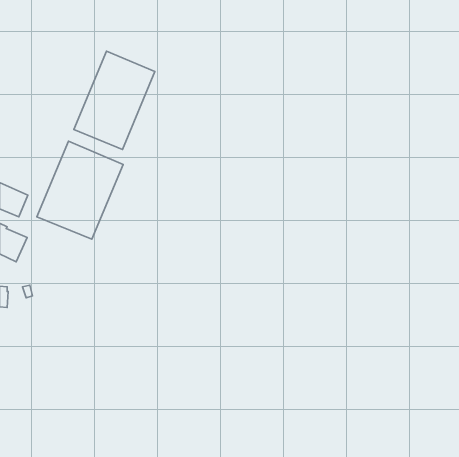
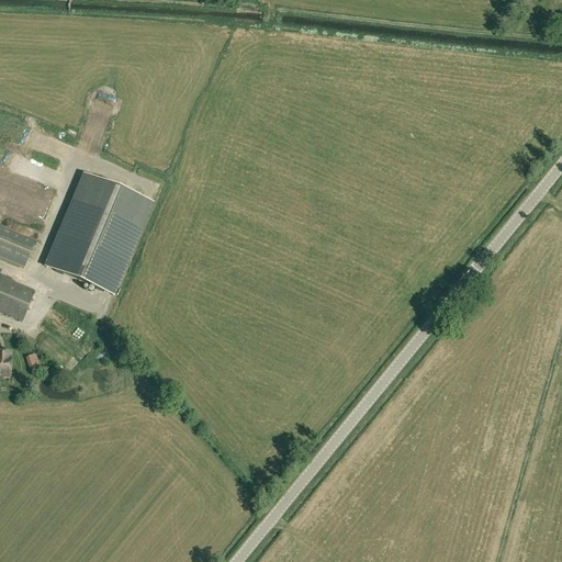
building: [74,51,155,149] -> none

